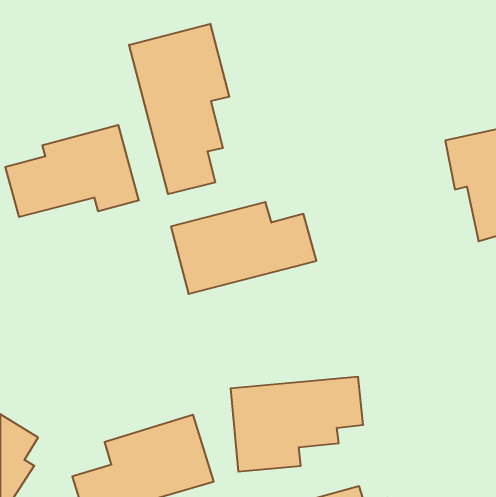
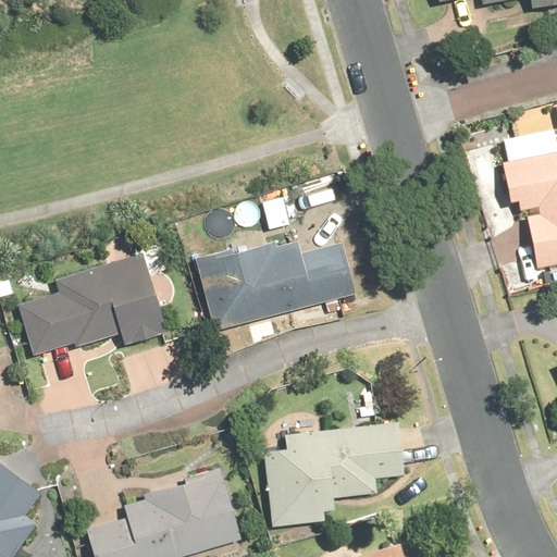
building: [129,24,229,194] -> none
building: [5,125,139,217] -> [16,257,165,359]

